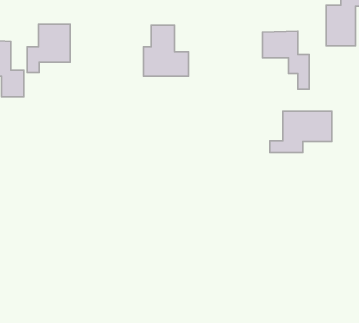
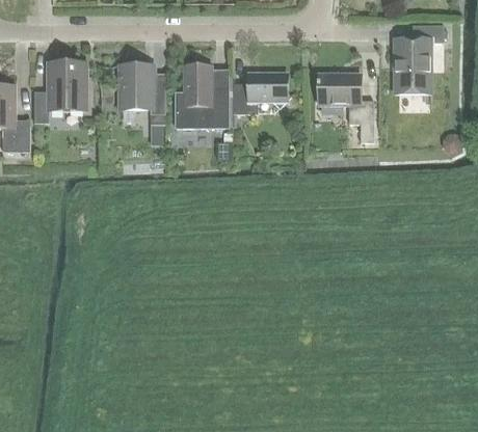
building: none -> [109,64,165,124]
building: none -> [233,74,291,113]
building: [270,111,332,152] -> none

